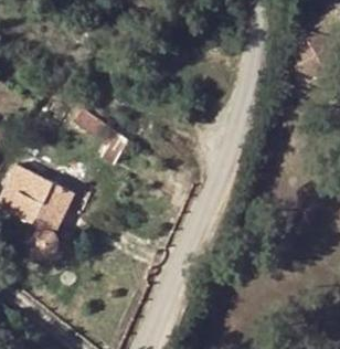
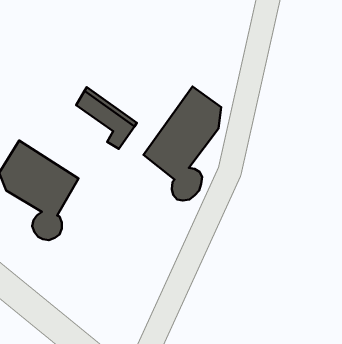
building: none -> [144,86,221,200]

